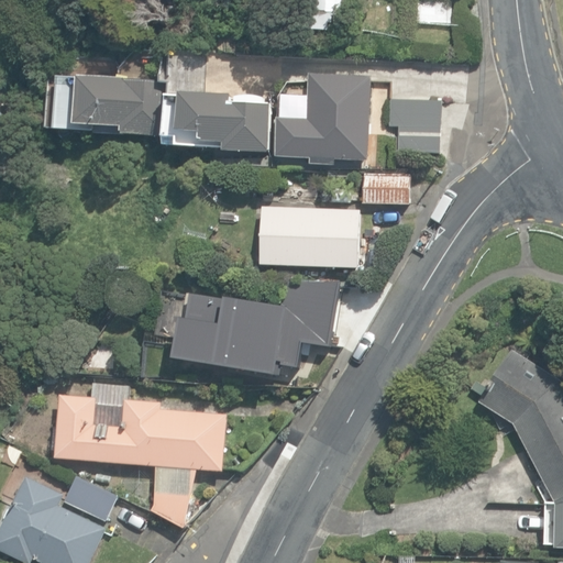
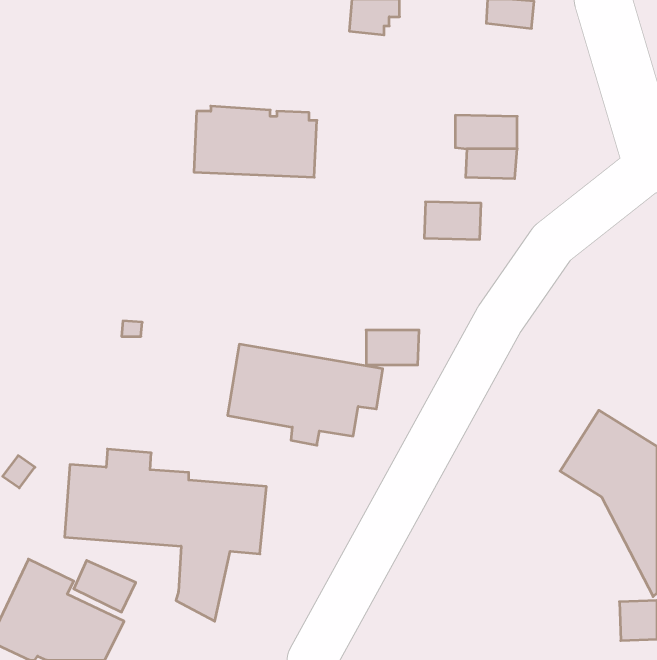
building: [56,73,164,135] -> none
building: [276,73,372,164] -> none
building: [257,195,362,267] -> none

